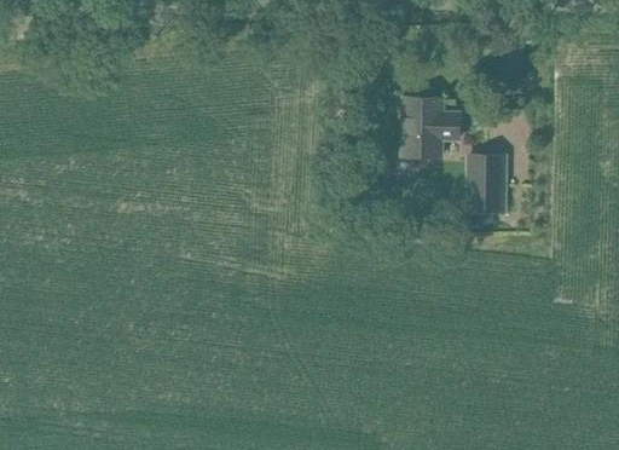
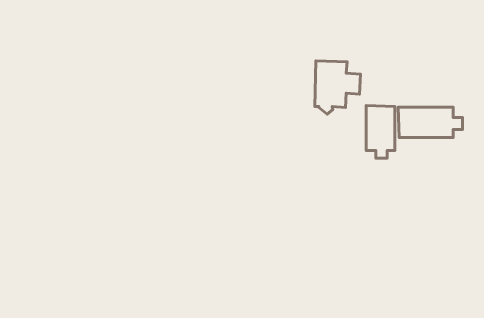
building: none -> [398,107,463,137]

